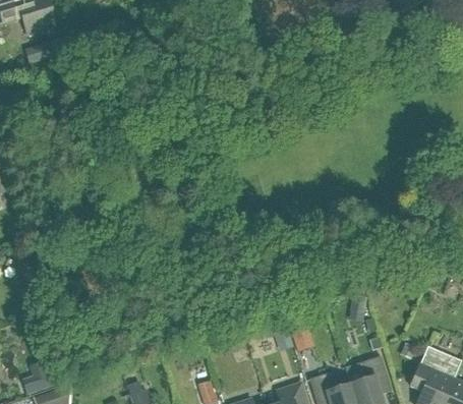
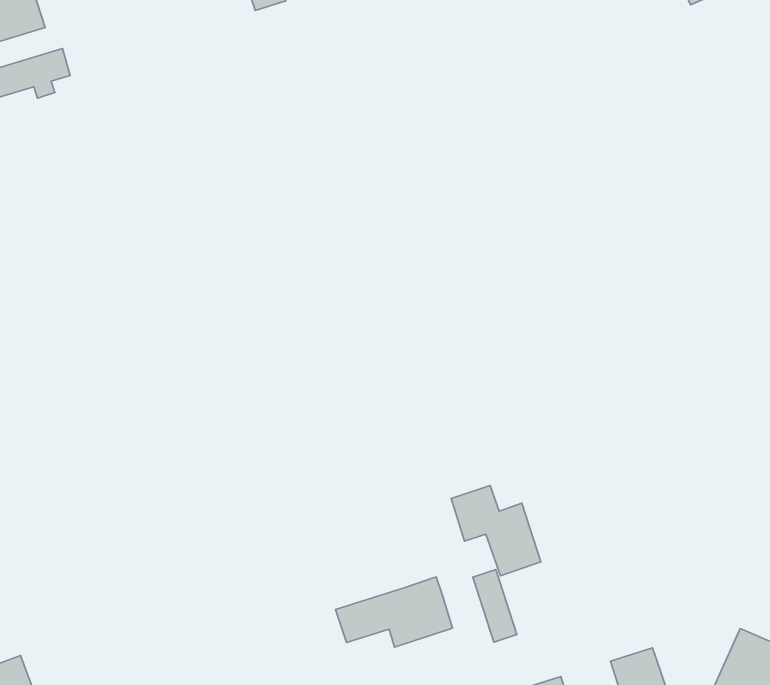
building: none -> [451,485,541,576]
building: none -> [335,577,452,647]

